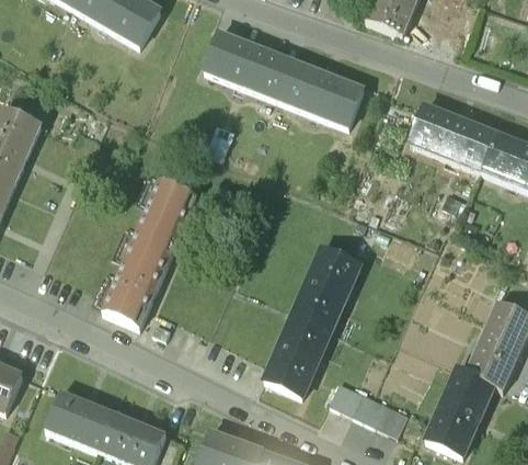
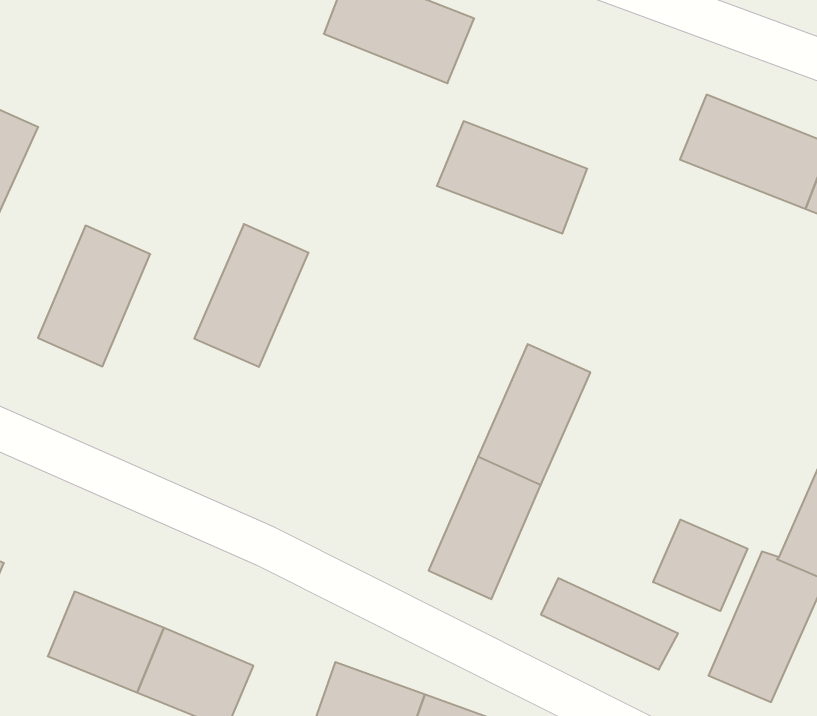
building: [276,60,363,125] -> [437,121,587,234]
building: [103,245,168,326] -> [38,226,150,366]
building: none -> [653,520,748,611]

